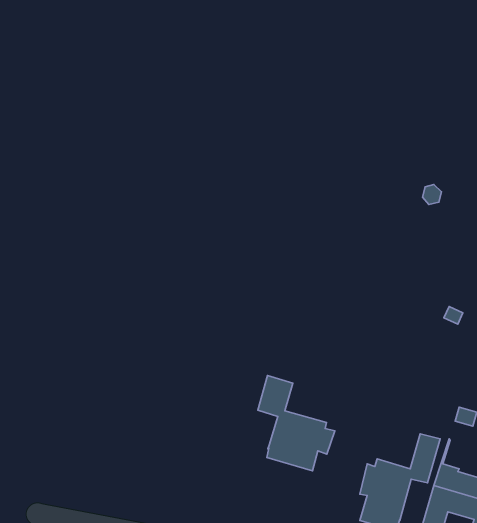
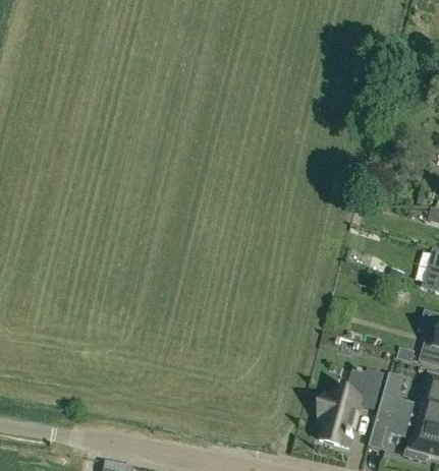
building: [258,376,335,471] -> none

